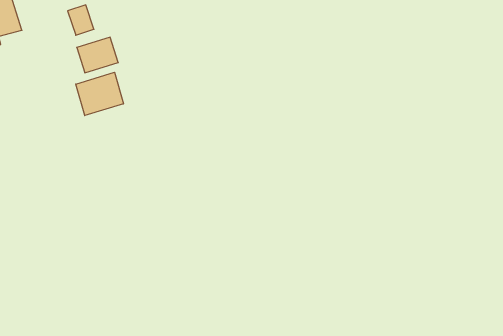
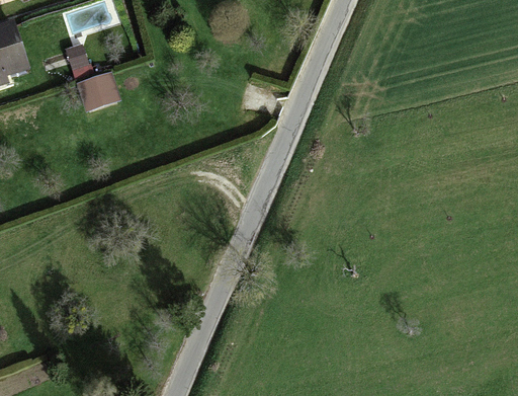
building: [76,72,123,116] -> none

